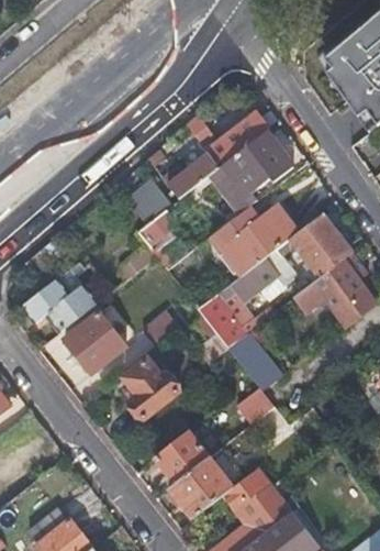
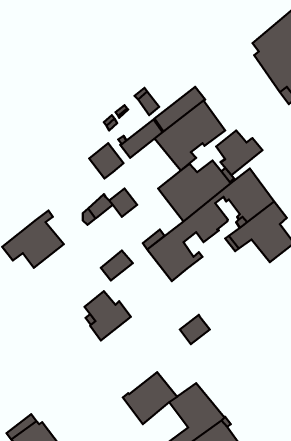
building: none -> [216,131,263,175]
building: [65,311,125,373] -> none
building: [227,332,281,390] -> none
building: [154,430,210,484] -> none

